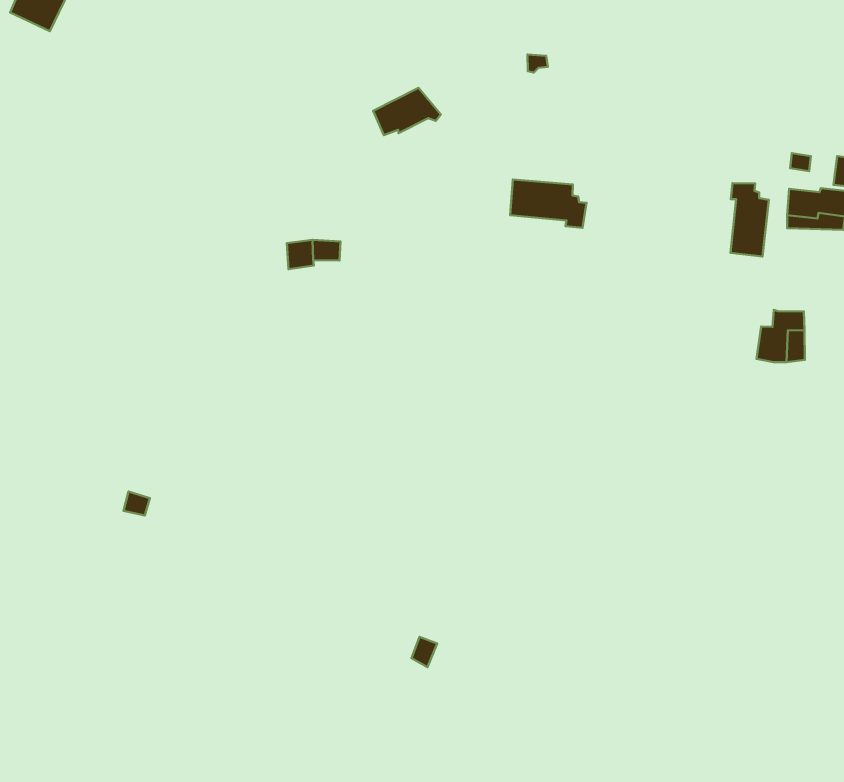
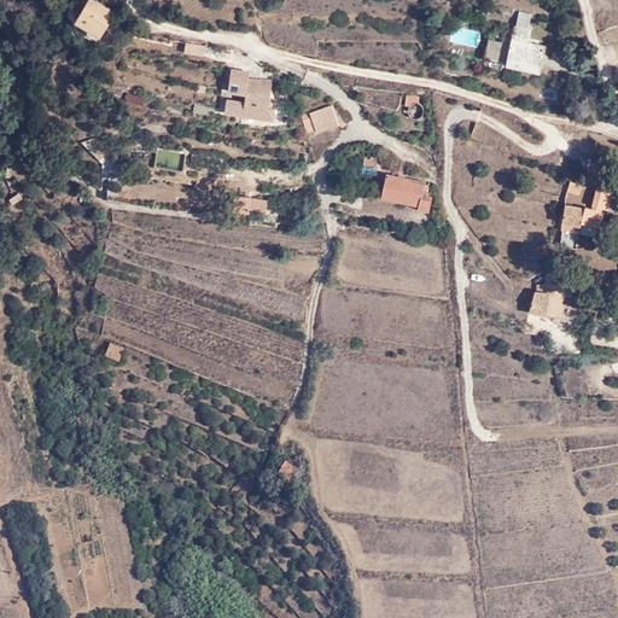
building: none -> [225,72,273,119]
building: [731,183,769,257] -> none

